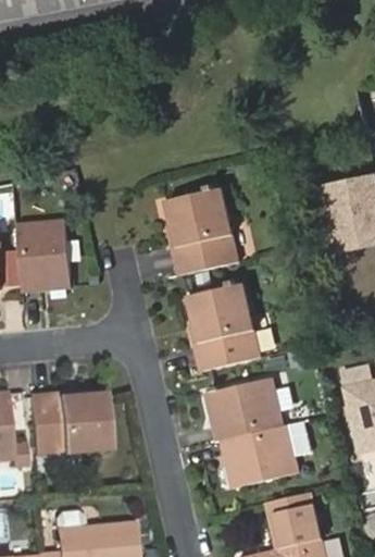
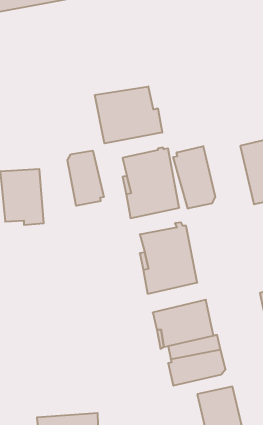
building: none -> [95,86,162,143]
building: none -> [173,146,215,209]
building: none -> [68,151,104,206]
building: [28,392,108,457] -> none

